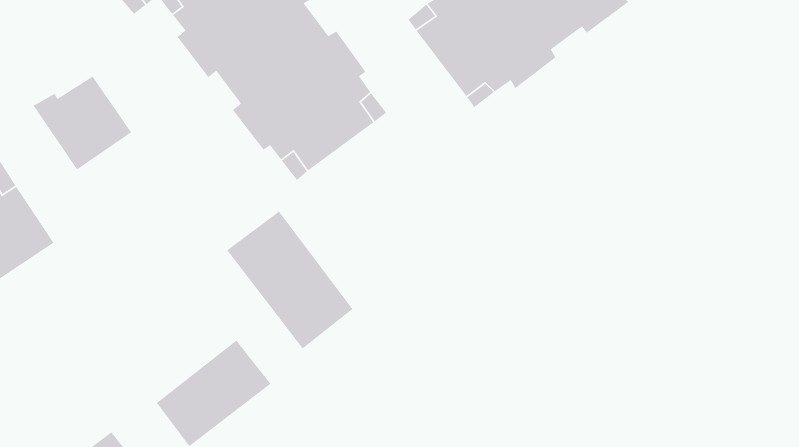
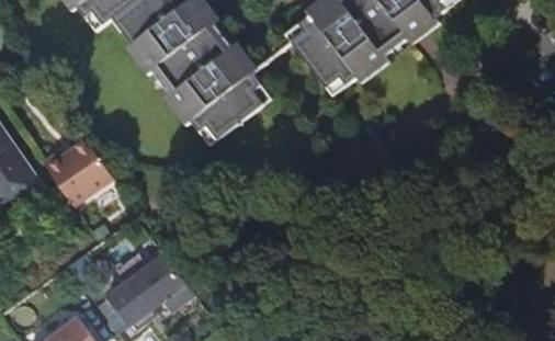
building: [33,76,132,171] -> [39,139,109,205]
building: [226,210,354,349] -> none

